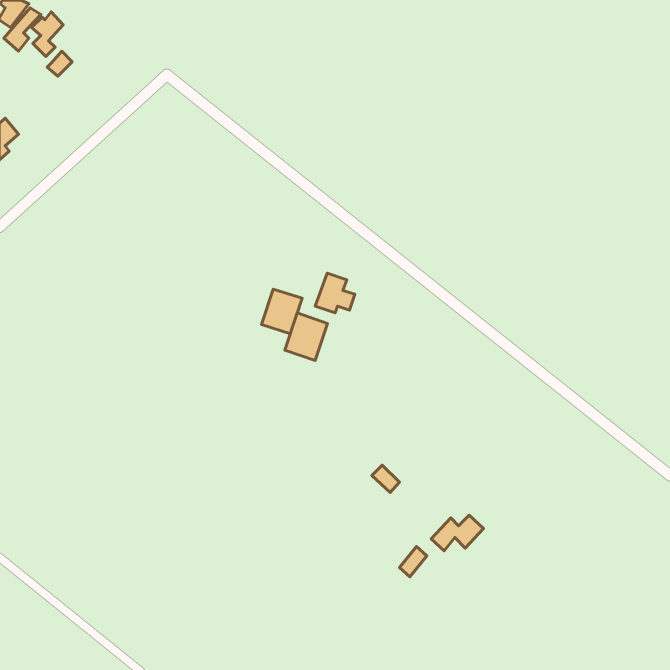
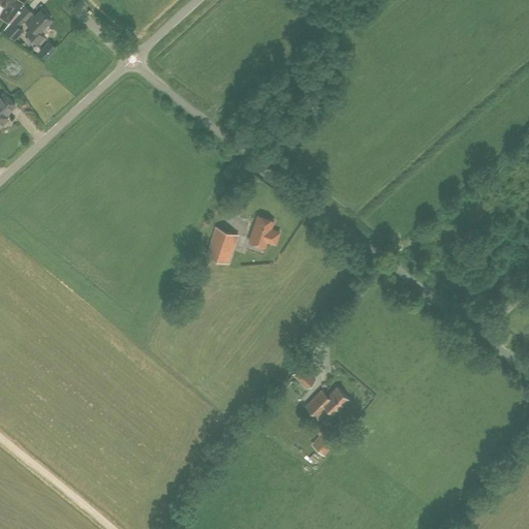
building: [285,313,327,361] -> none
building: [431,515,484,551] -> [306,388,347,416]

